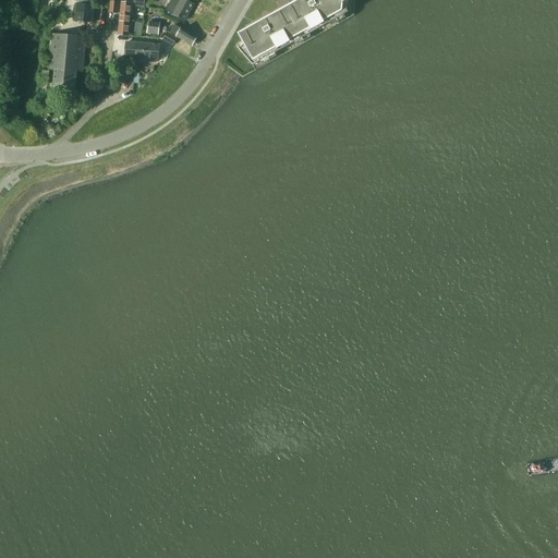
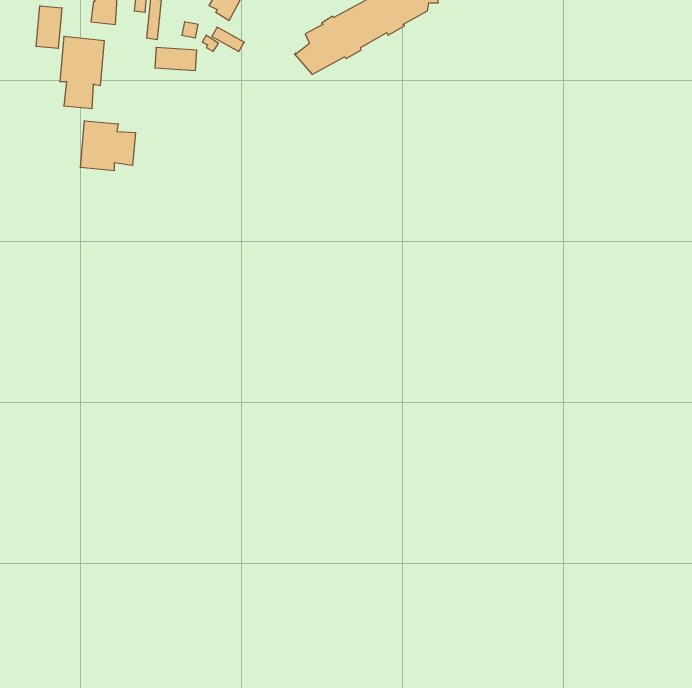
building: none -> [36,6,62,49]
building: none -> [80,121,136,171]

